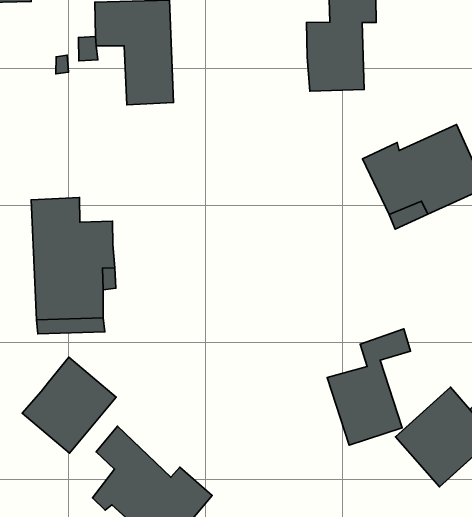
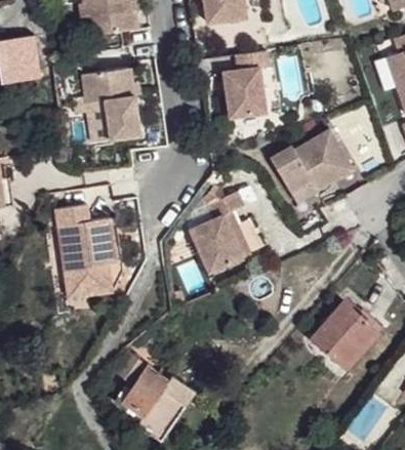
building: [327,329,411,445] -> [190,191,243,272]
building: [22,357,116,453] -> none

